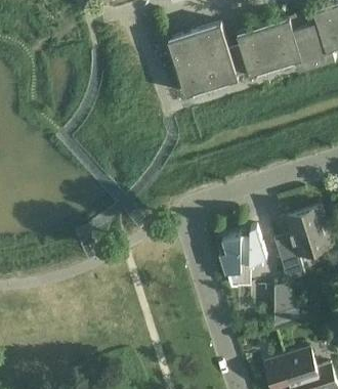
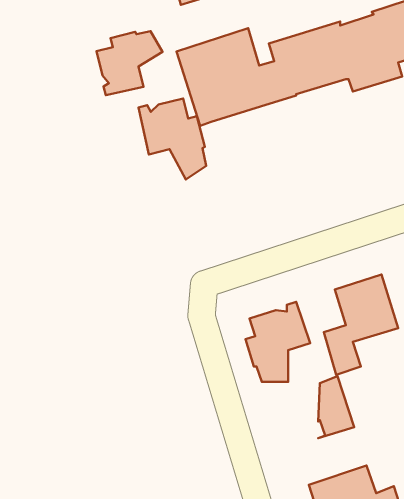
building: none -> [97,31,163,95]
building: none -> [138,99,206,180]

